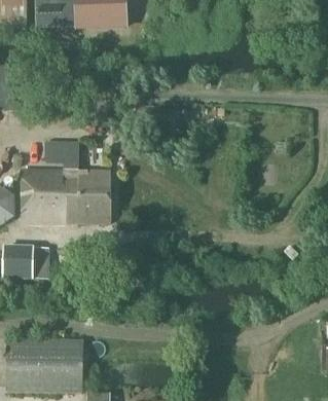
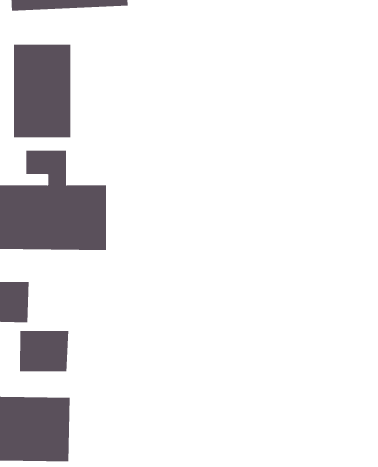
building: none -> [14,44,71,138]
building: none -> [19,330,69,372]

